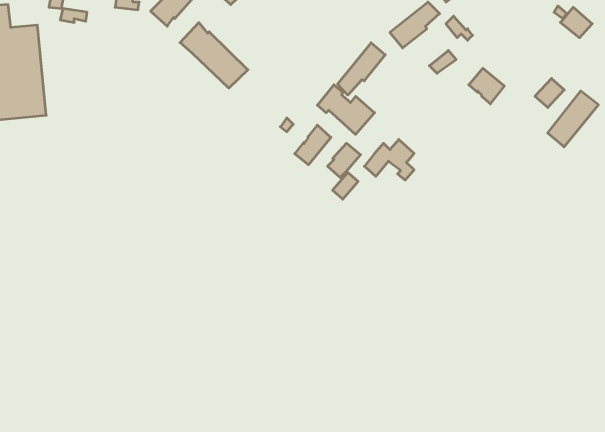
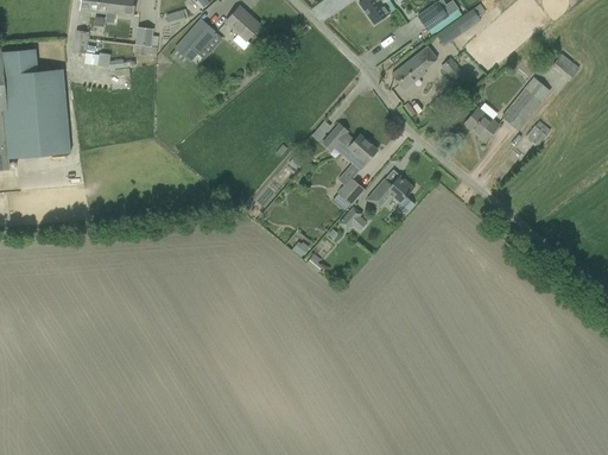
building: [180,23,248,88] -> none
building: [338,43,385,95] -> none
building: [548,91,598,147] -> [504,77,551,129]
building: [295,125,331,165] -> none

